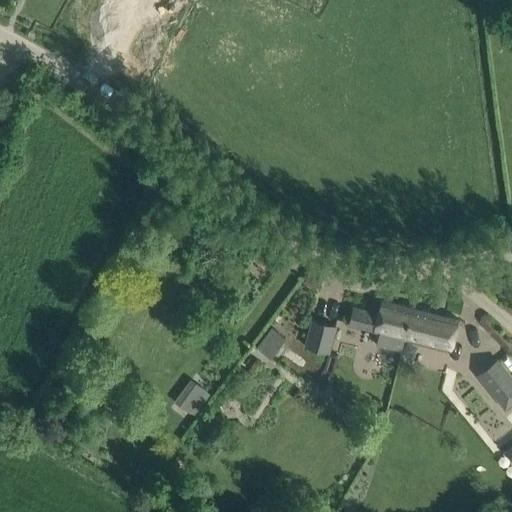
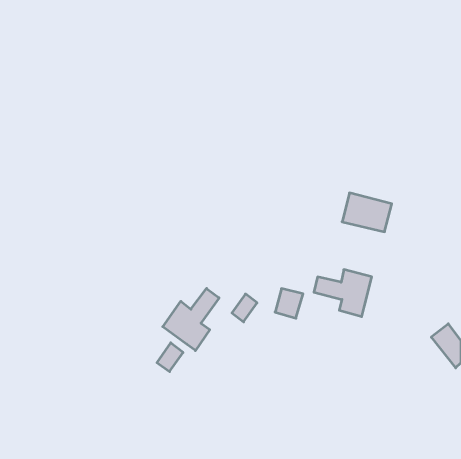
building: [404,309,459,352] -> [342,193,392,232]
building: none -> [163,288,219,351]

